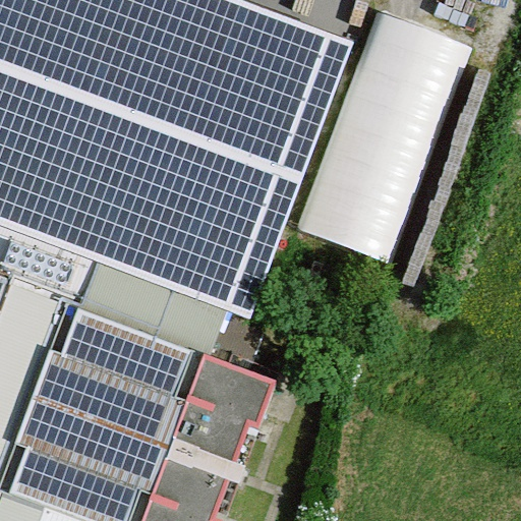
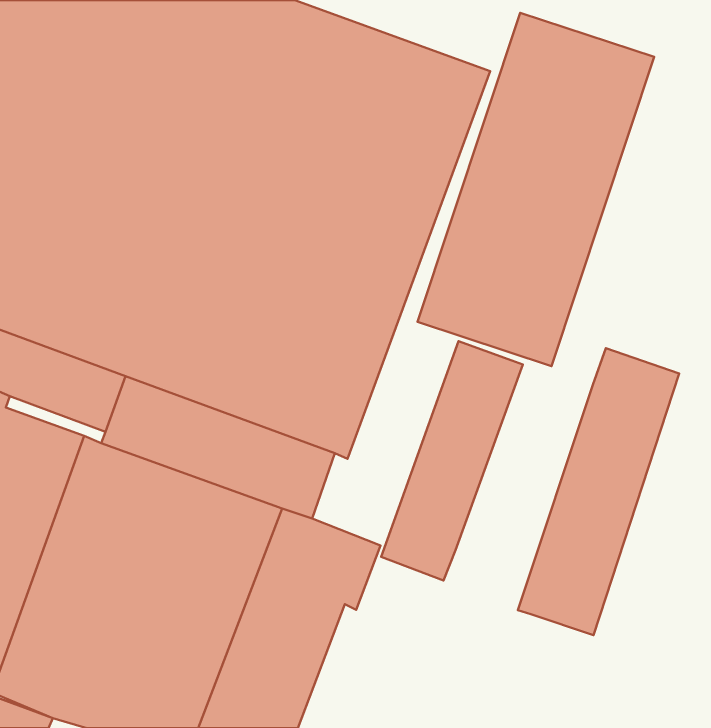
building: none -> [381,341,523,581]
building: none -> [518,348,679,635]

